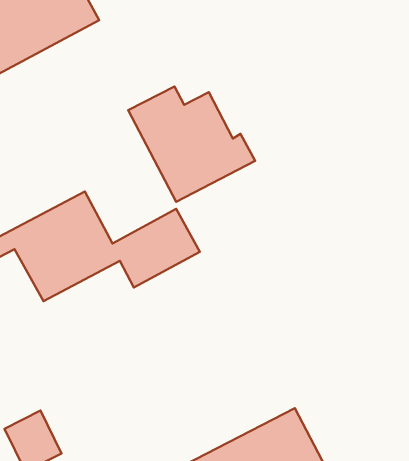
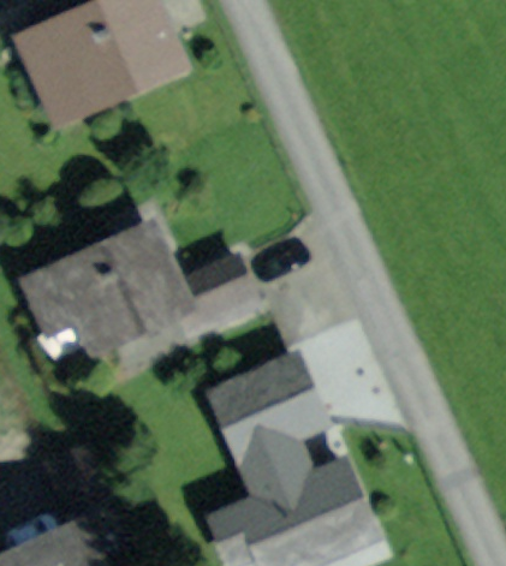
building: [128,86,255,202] -> none
building: none -> [212,367,317,464]

